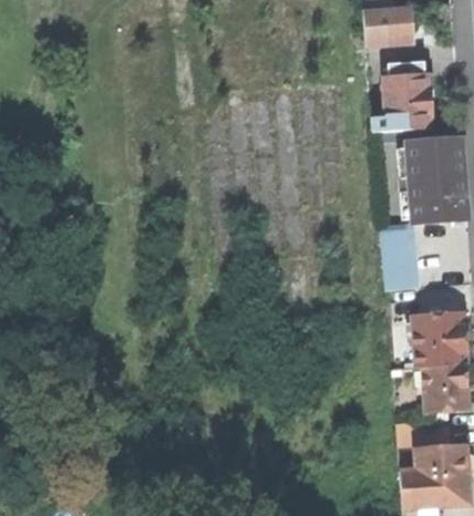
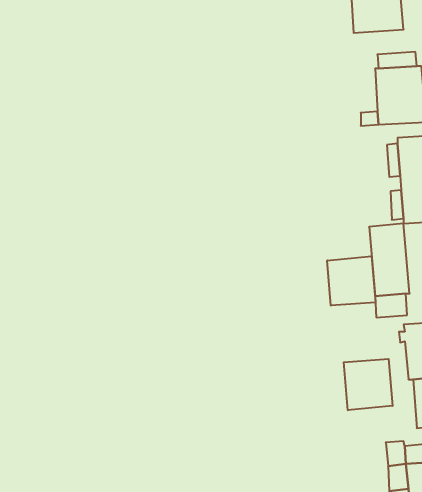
building: none -> [327,256,375,306]
building: none -> [344,359,393,410]

